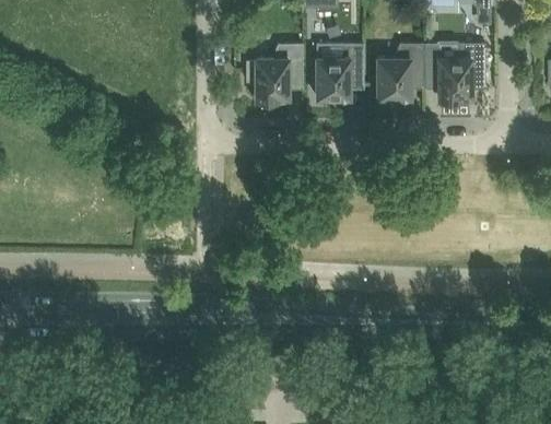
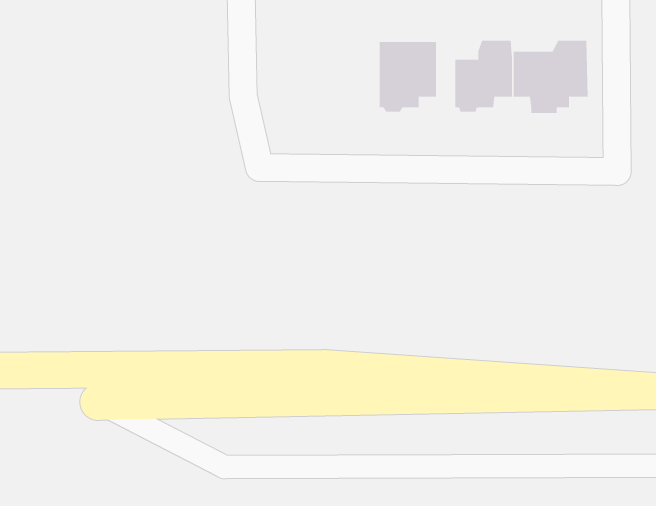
building: [247,44,303,102] -> none

